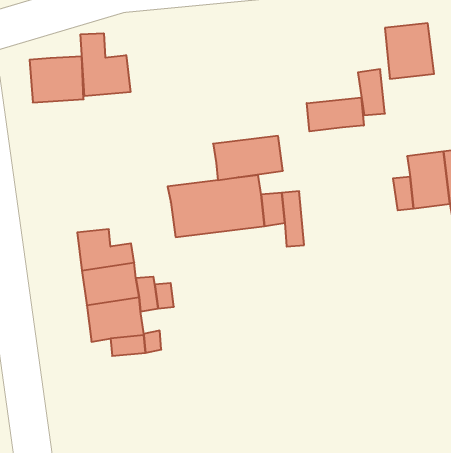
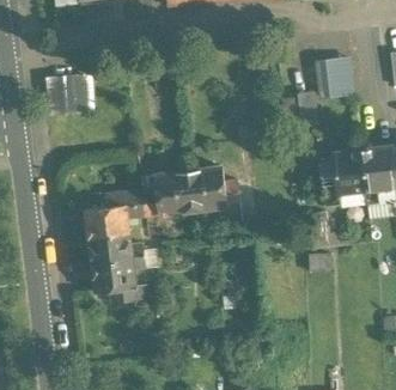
building: [81,33,130,96] -> none
building: [307,97,364,131] -> none
building: [213,136,283,180] -> [105,188,158,221]

